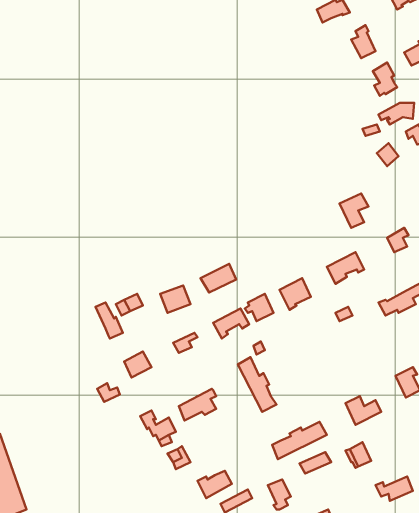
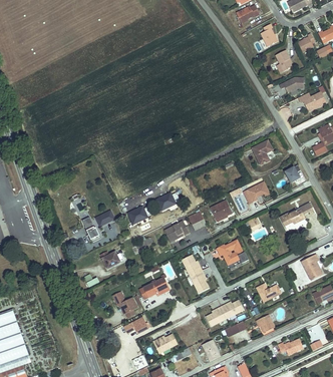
building: none -> [217,240,248,264]

